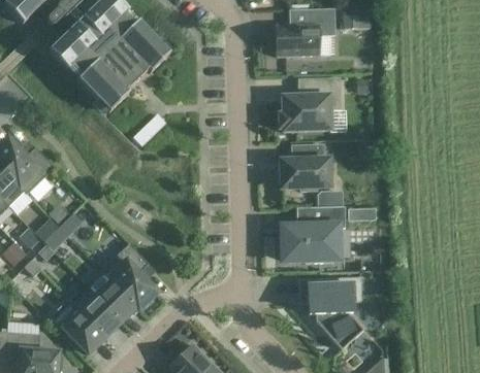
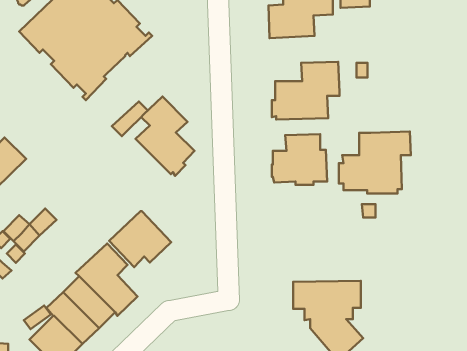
building: none -> [135,96,195,176]
building: [280,205,346,262] -> [339,132,411,194]
building: none -> [109,211,171,267]

